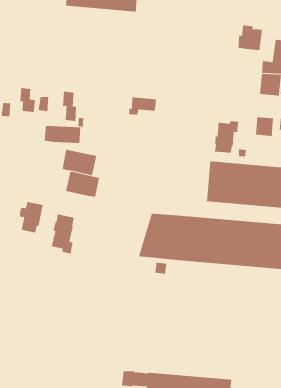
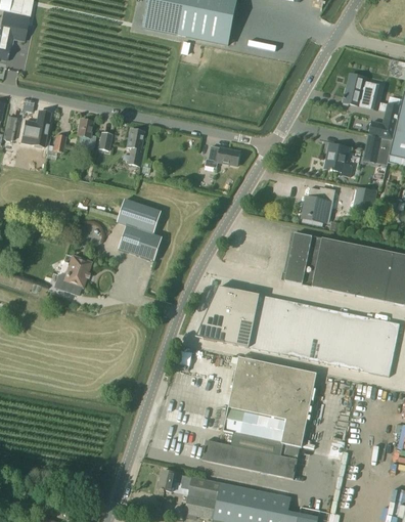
building: none -> [325,143,353,177]
building: [44,125,81,144] -> none
building: [51,213,74,255] -> none
building: none -> [202,357,317,479]

